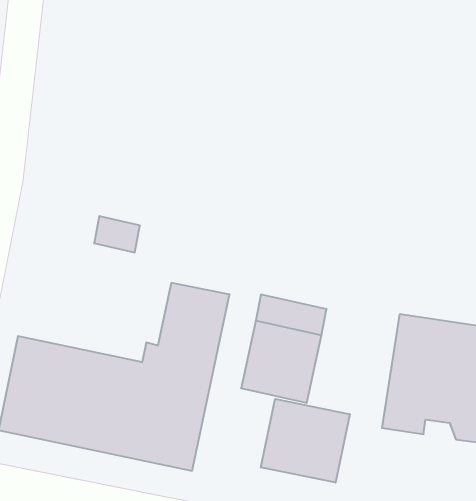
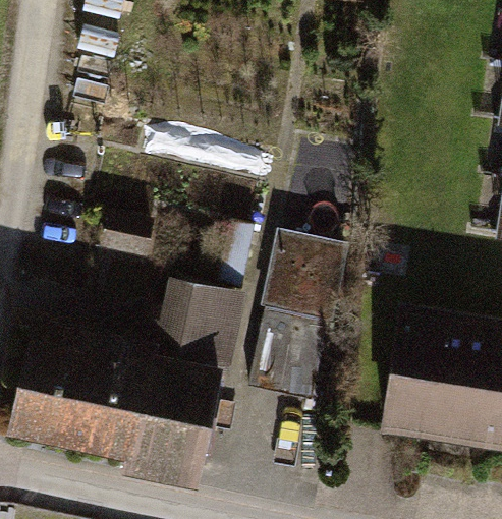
building: none -> [267,237,344,310]
building: [261,399,350,483] -> none

